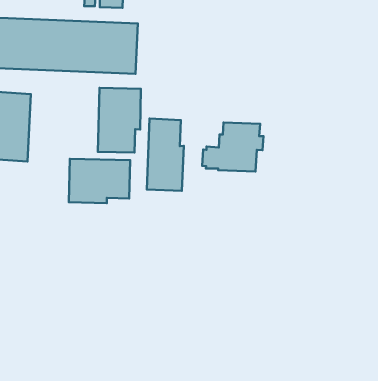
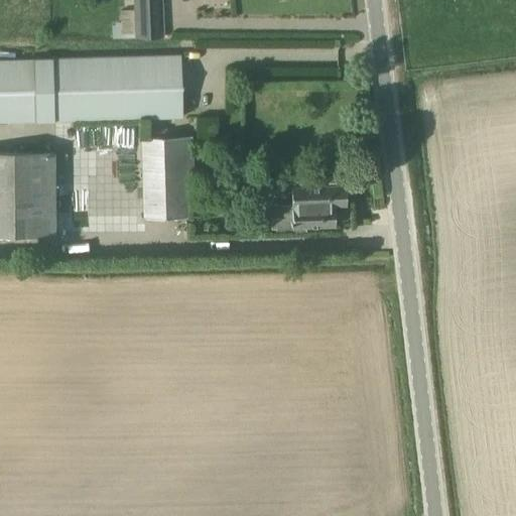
building: [147,119,184,191] -> none
building: [69,159,130,203] -> none

